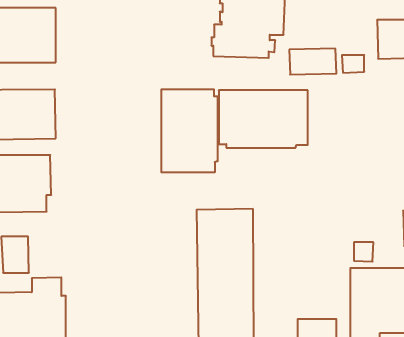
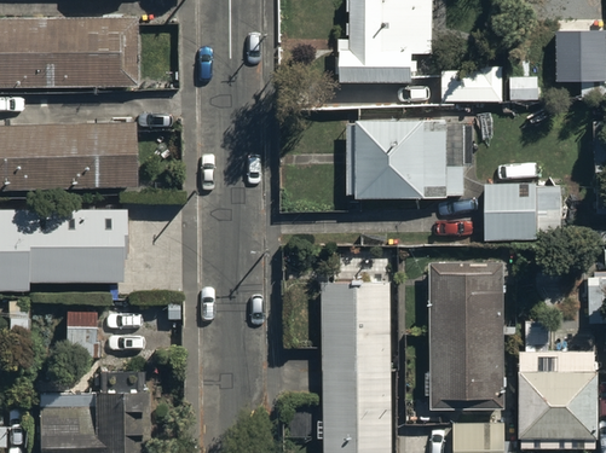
building: [161,89,218,172] -> none
building: none -> [486,182,561,239]
building: none -> [428,262,506,405]

